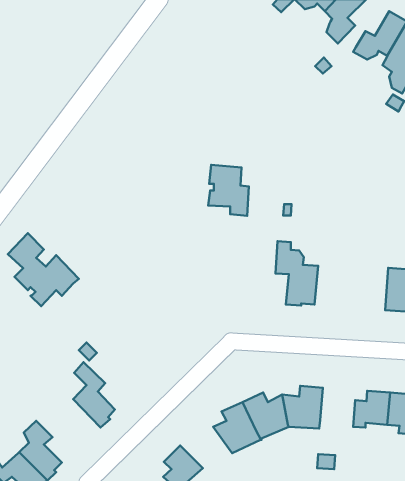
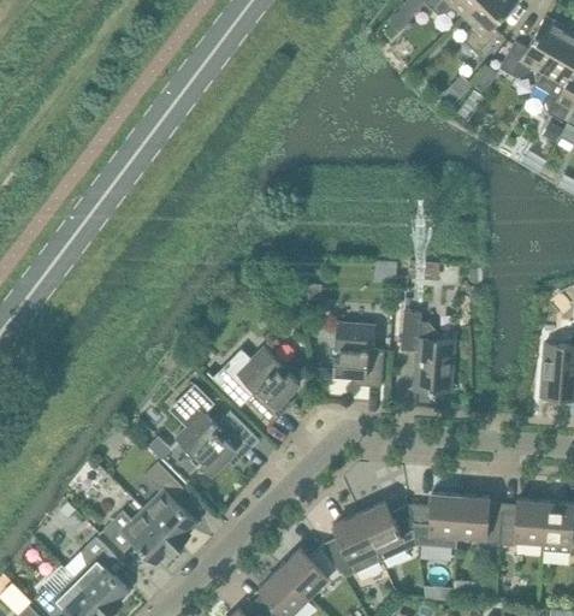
building: [208,165,249,216] -> [332,322,384,387]
building: [8,233,79,306] -> [170,383,260,475]
building: none -> [212,346,301,425]
building: none -> [457,496,502,545]
building: none -> [102,510,178,563]
building: none -> [279,545,343,598]

